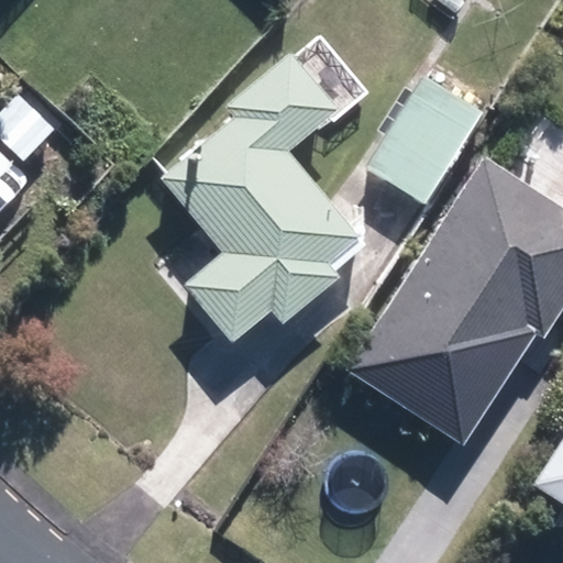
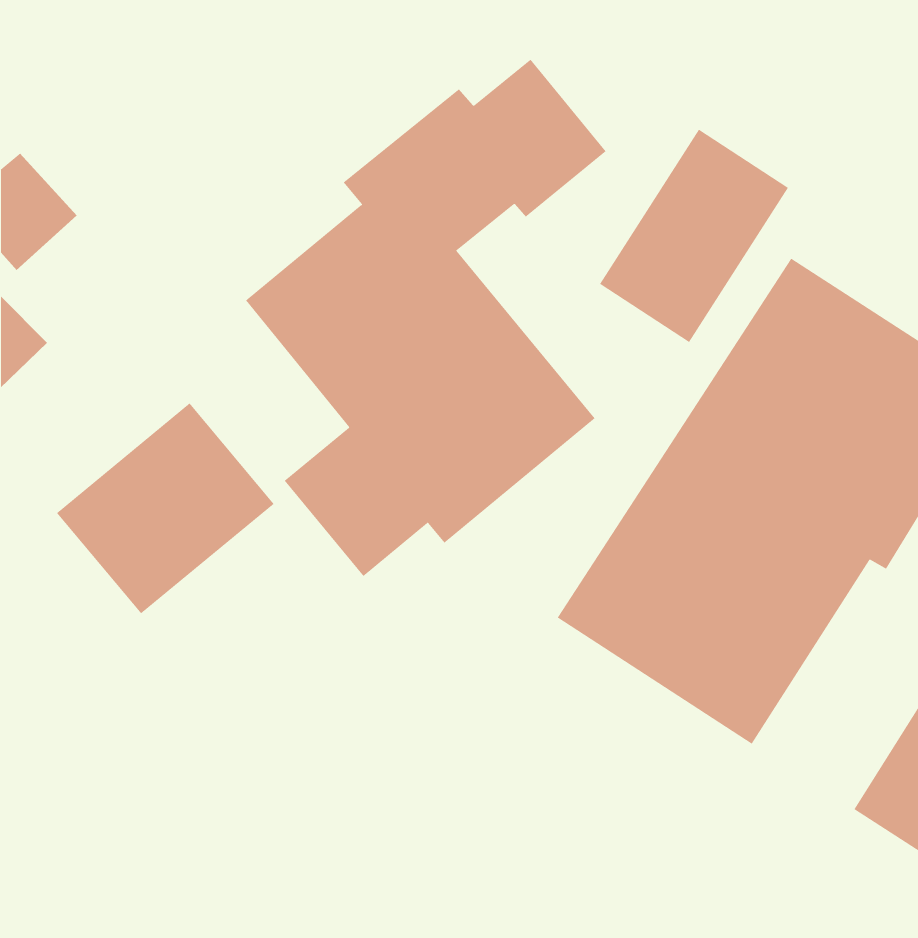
building: none -> [56,402,275,614]

